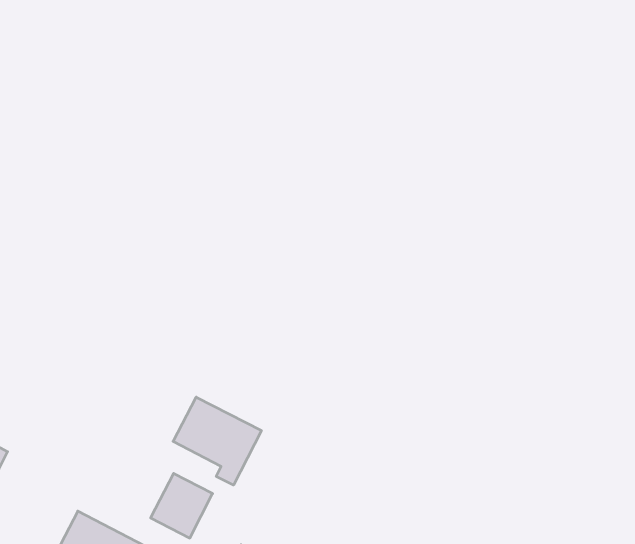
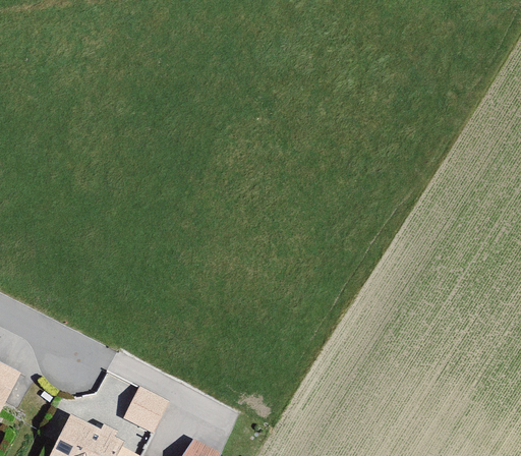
building: [173,397,261,485] -> none

